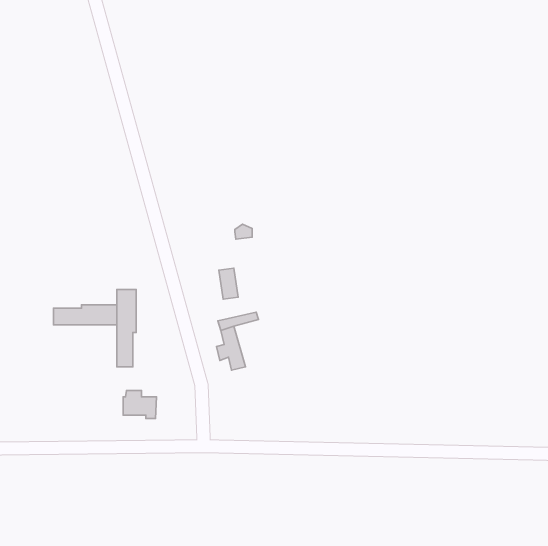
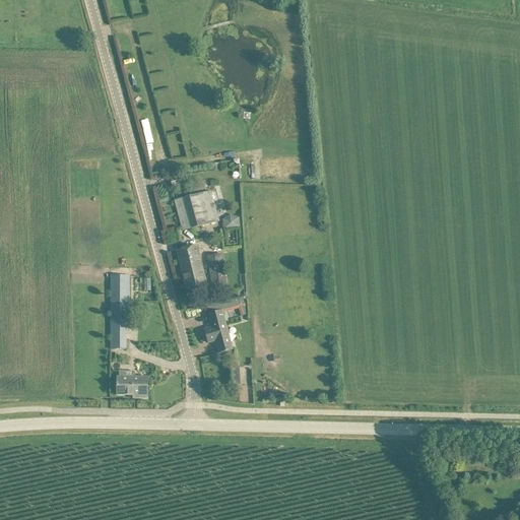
building: none -> [175,189,219,229]
building: none -> [177,244,206,287]
building: [53,305,117,325] -> none

